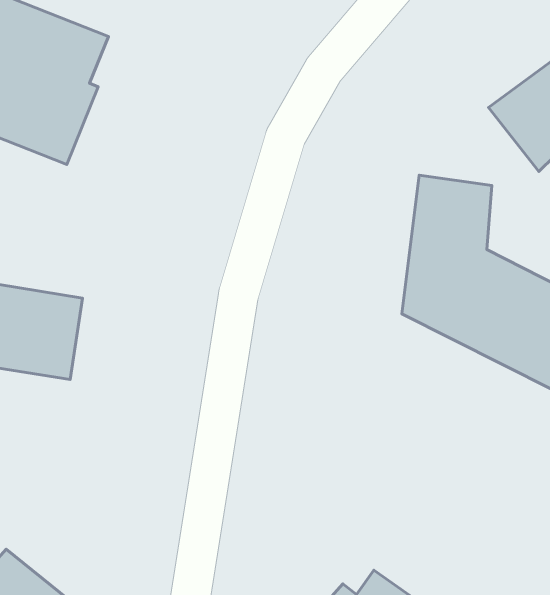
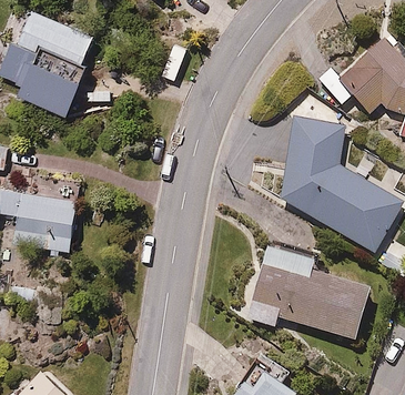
building: none -> [244,244,367,340]

